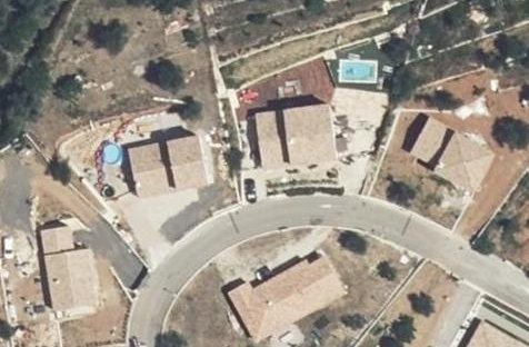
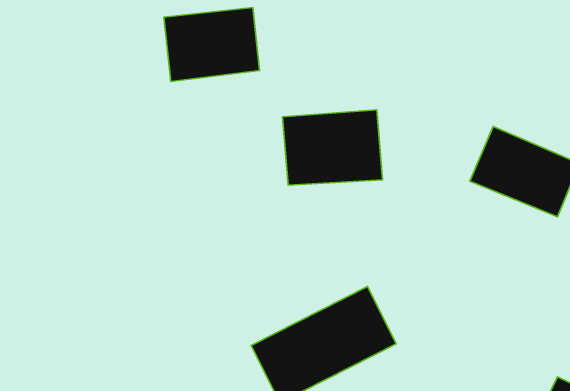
building: [130,136,208,196] -> [164,8,260,81]
building: [42,226,98,309] -> none

